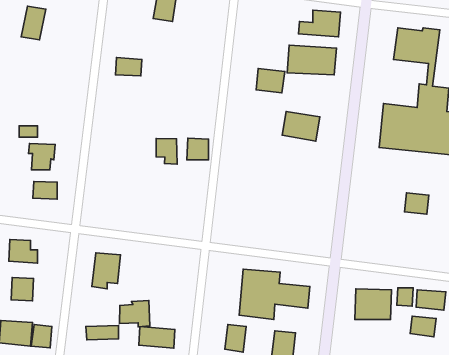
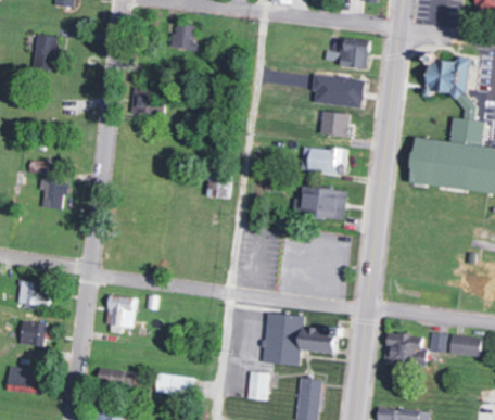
building: [256,68,285,93] -> [320,111,351,137]
building: [156,139,177,164] -> none
building: none -> [302,186,347,220]
building: [33,181,57,199] -> none
building: [405,193,429,214] -> none
building: [120,301,150,327] -> none
building: [410,316,436,337] -> none
building: [31,324,52,348] -> none

